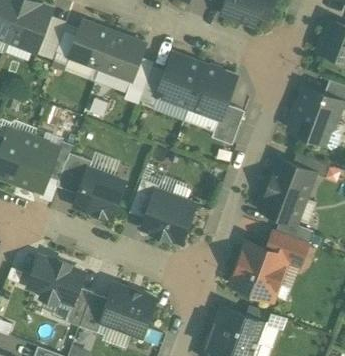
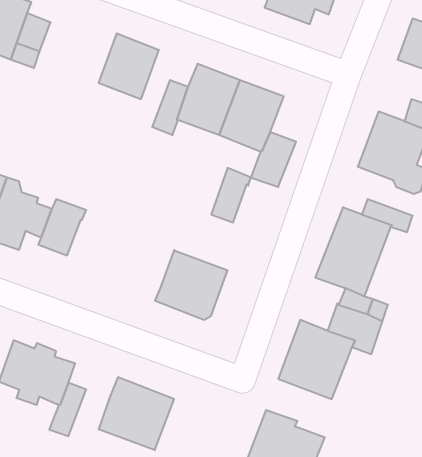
building: [70,22,114,69] -> none
building: [74,169,126,220] -> none
building: [130,179,159,219] -> [211,168,251,223]
building: [79,293,109,334] -> none

